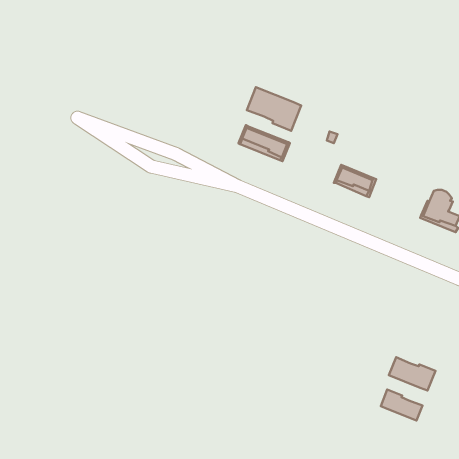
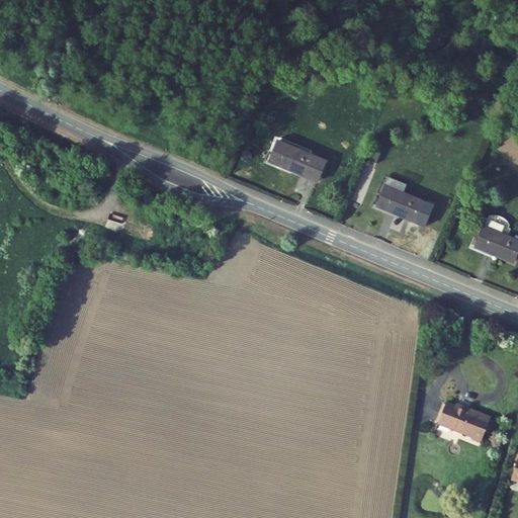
building: [247,87,301,131] -> none
building: [381,389,422,420] -> none

